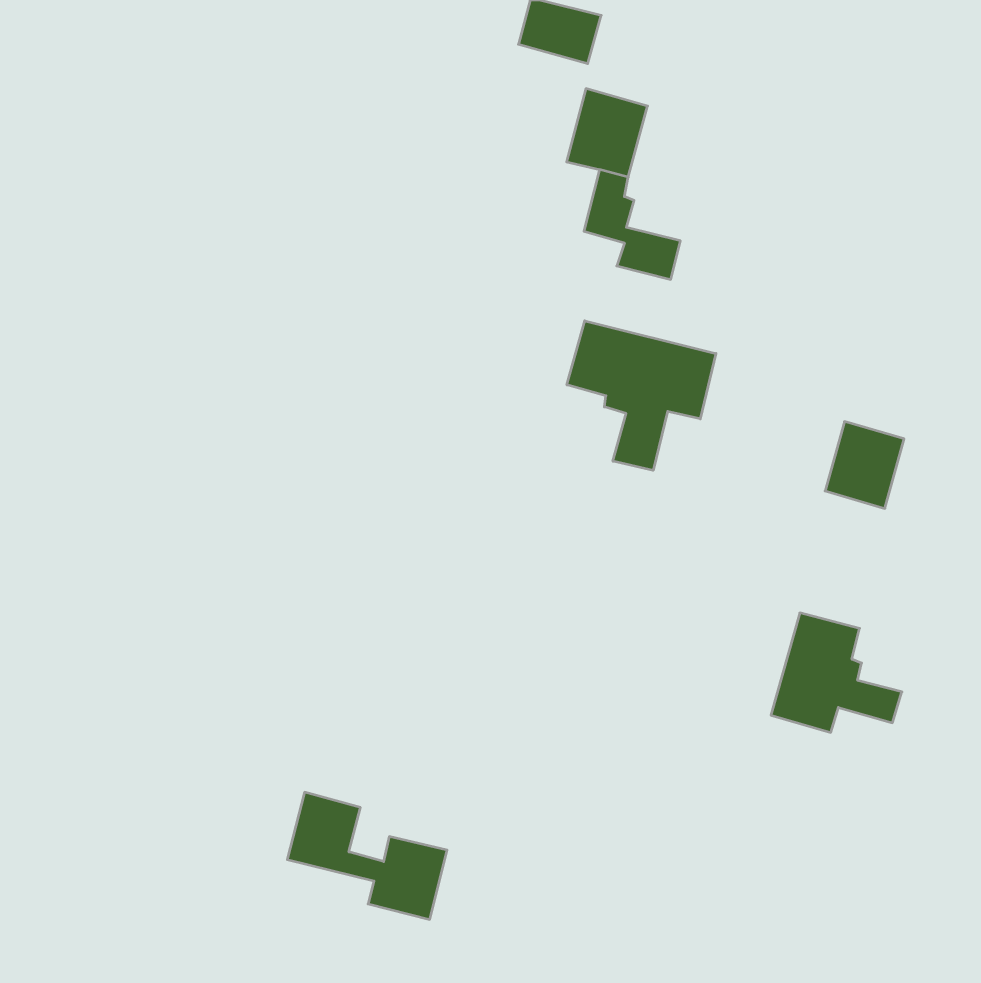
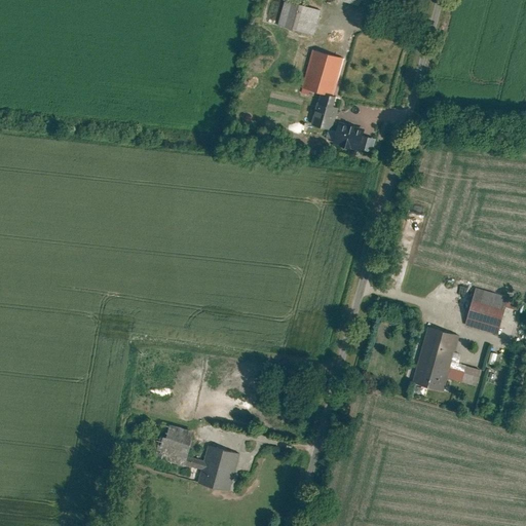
building: [567,321,716,470] -> none
building: [825,422,904,508] -> [465,288,508,334]

